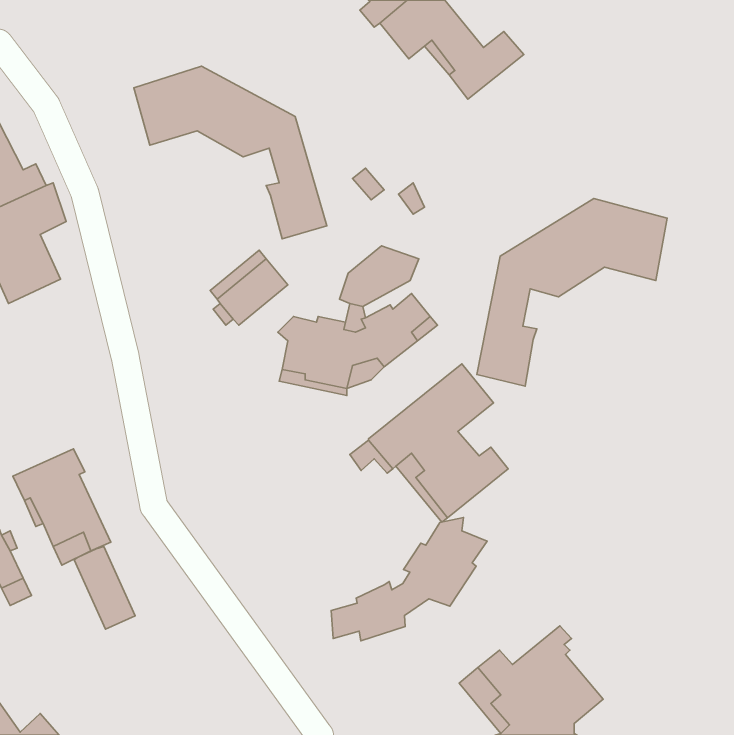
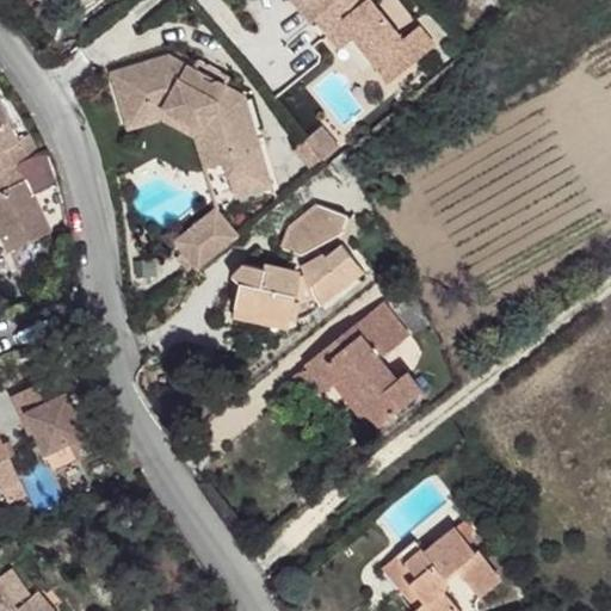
building: none -> [124,109,232,168]
building: [477,198,667,386] -> none
building: [331,518,487,641] -> none
building: [74,547,135,629] -> none

